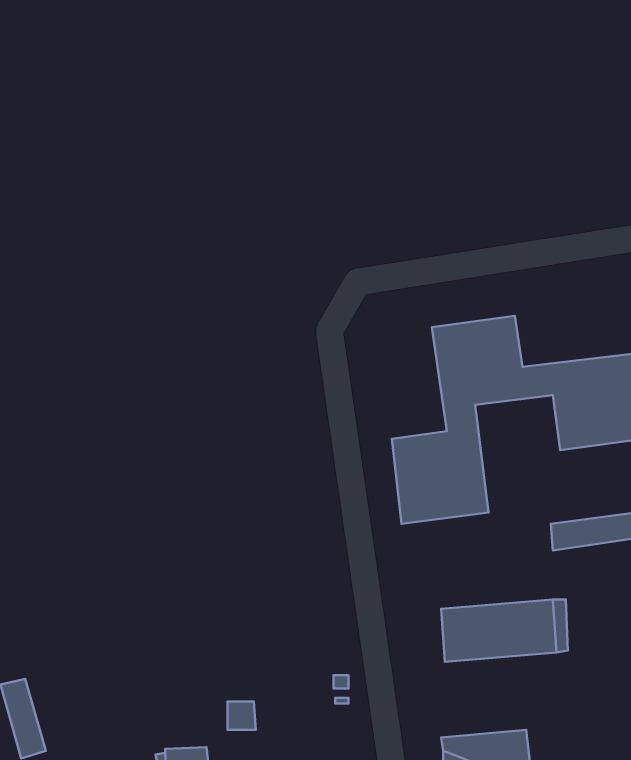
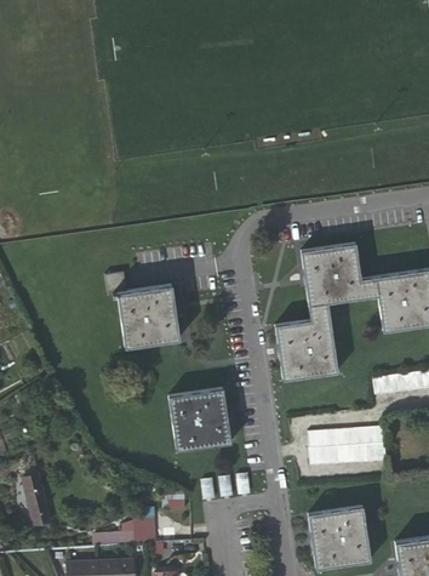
building: none -> [103,268,177,342]
building: none -> [165,386,227,446]

